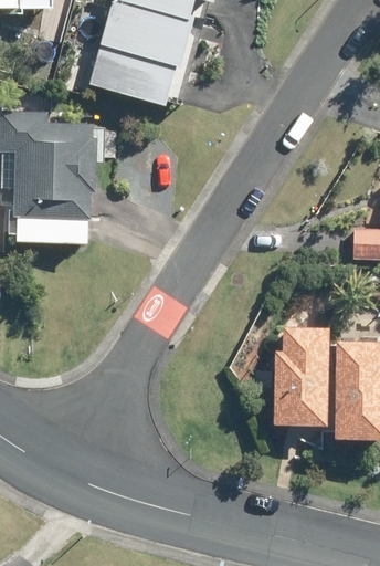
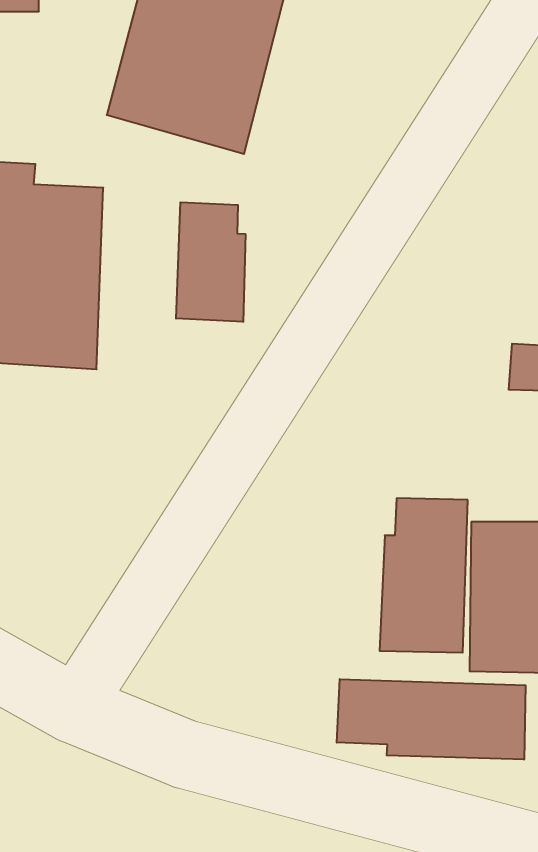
building: none -> [176,202,245,322]
building: none -> [337,679,526,760]

